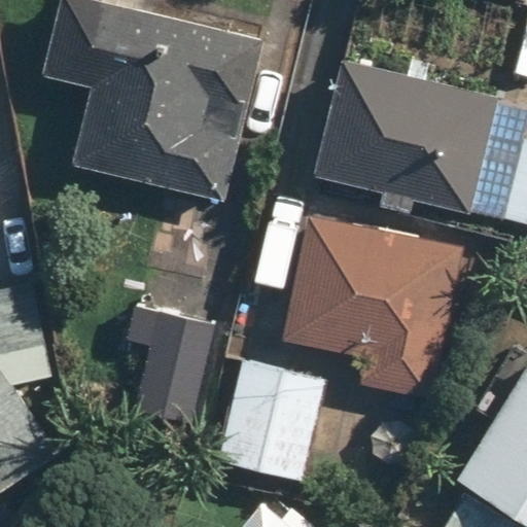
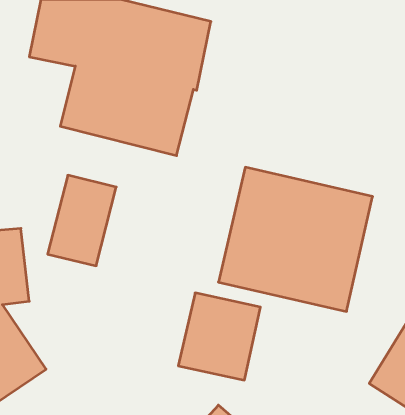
building: [315,61,496,213] -> none
building: [132,313,216,424] -> [48,175,116,266]

